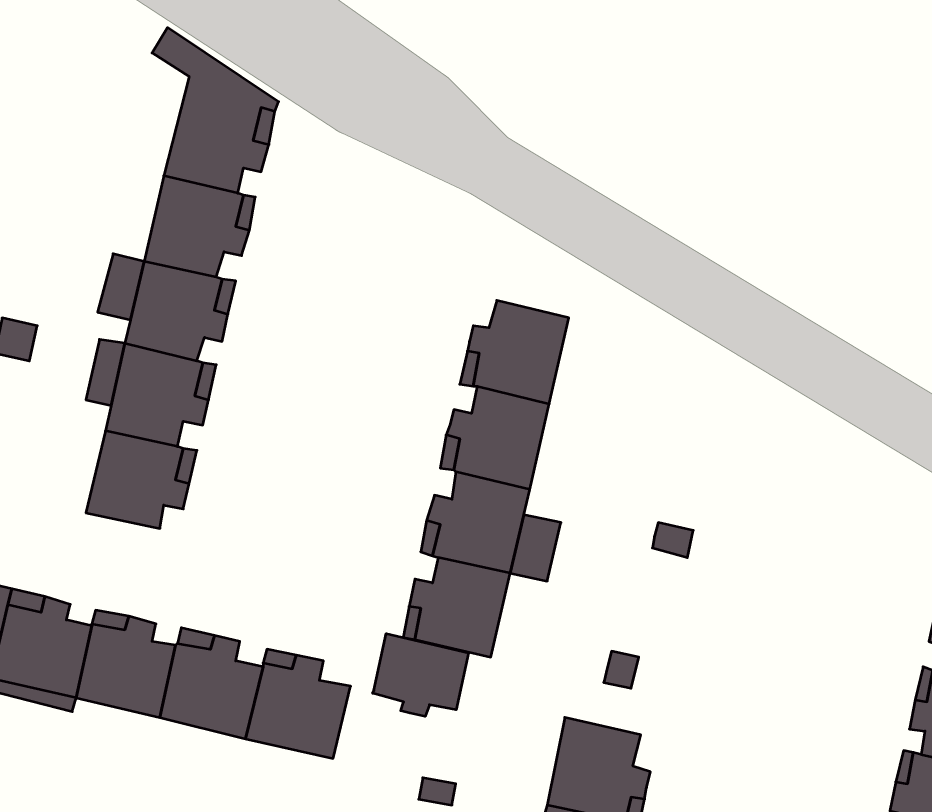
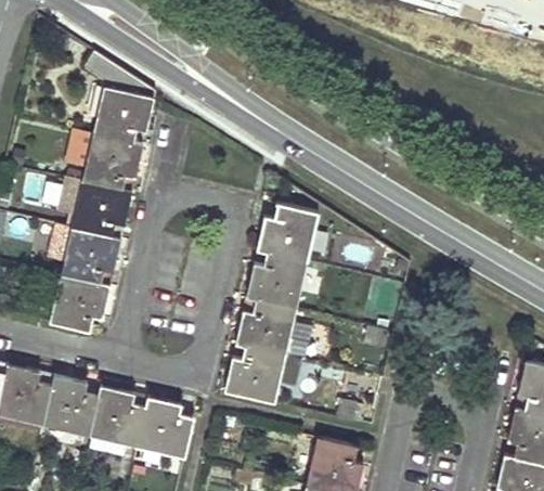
building: [373,634,468,716] -> none

